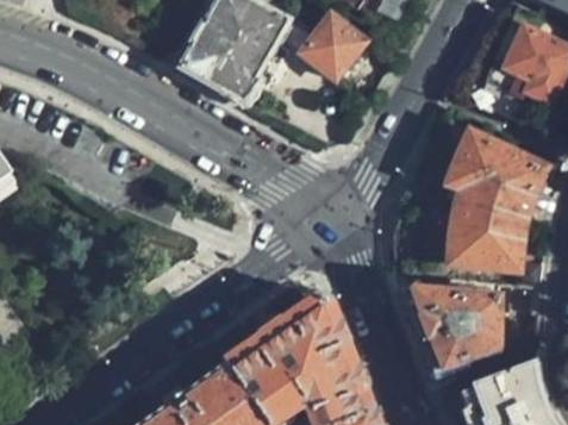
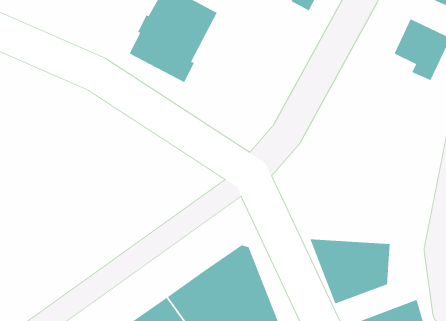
building: [305,15,368,79] -> none
building: [424,111,542,270] -> none

